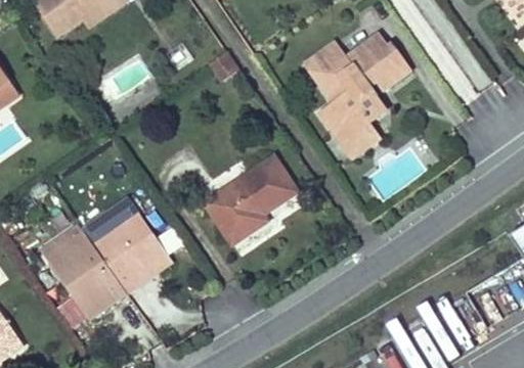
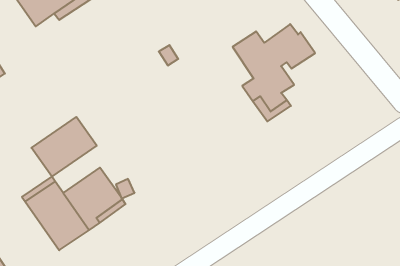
building: none -> [31,117,97,177]
building: [204,156,296,242] -> none

